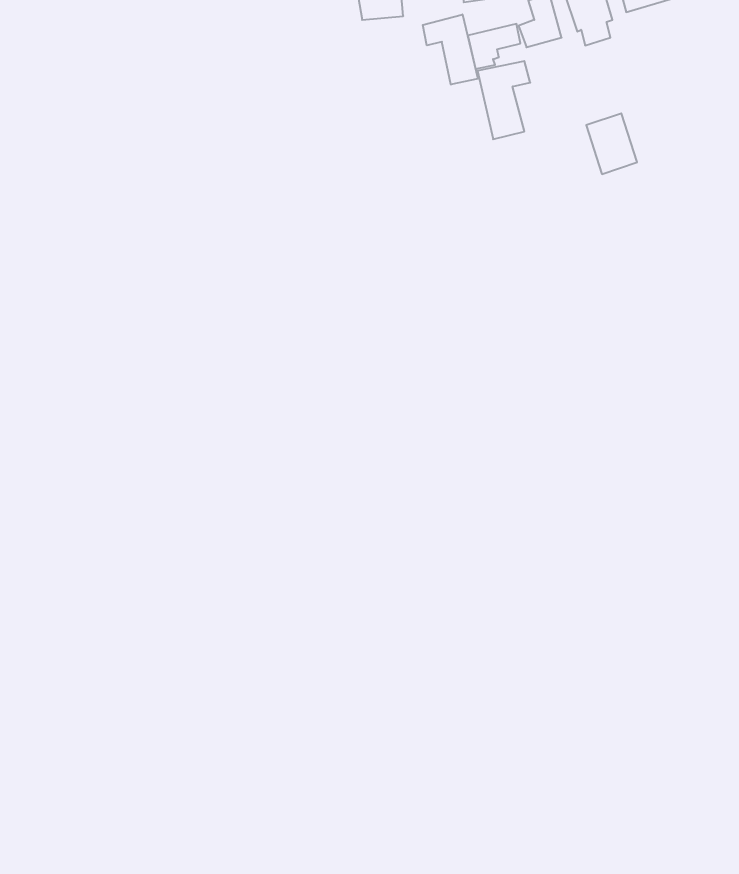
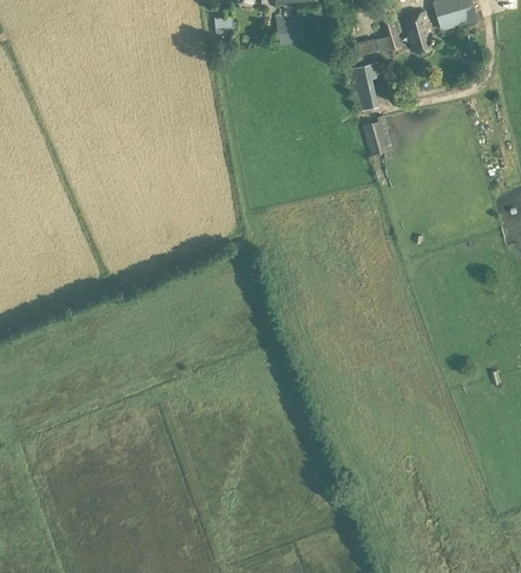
building: [423,14,478,85] -> none
building: [586,113,637,174] -> [362,118,393,156]

